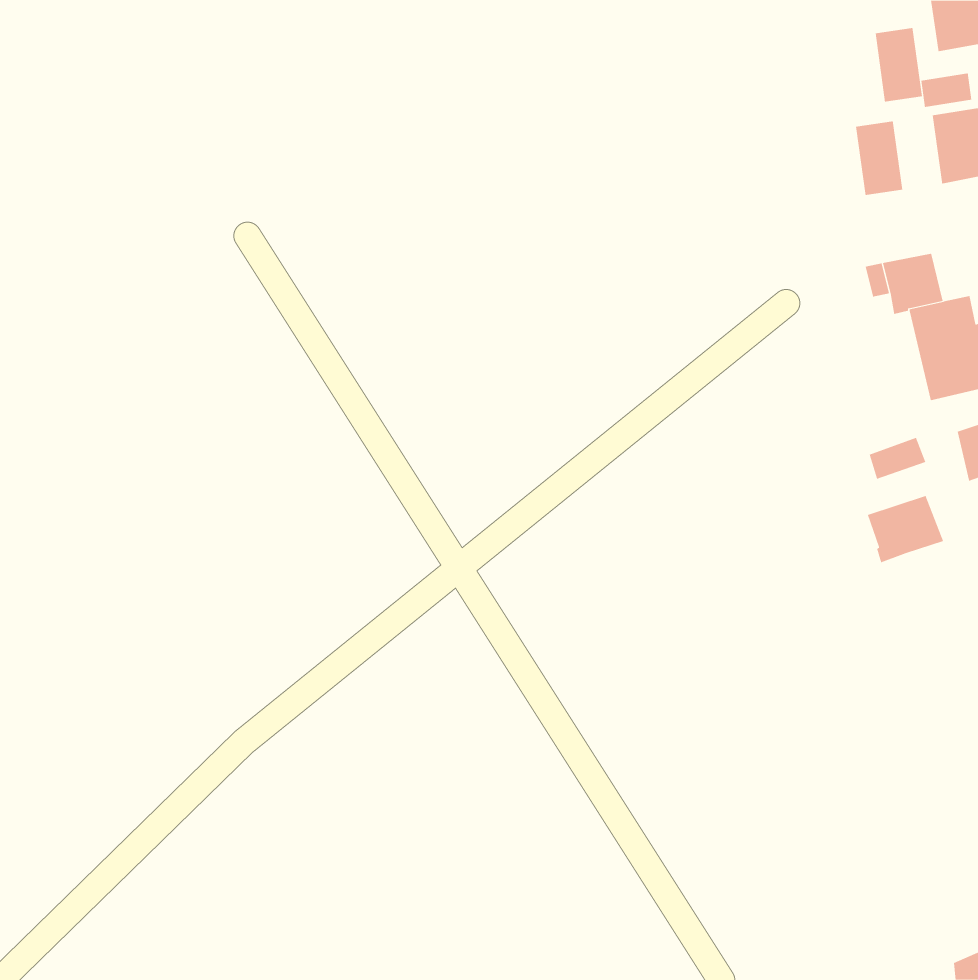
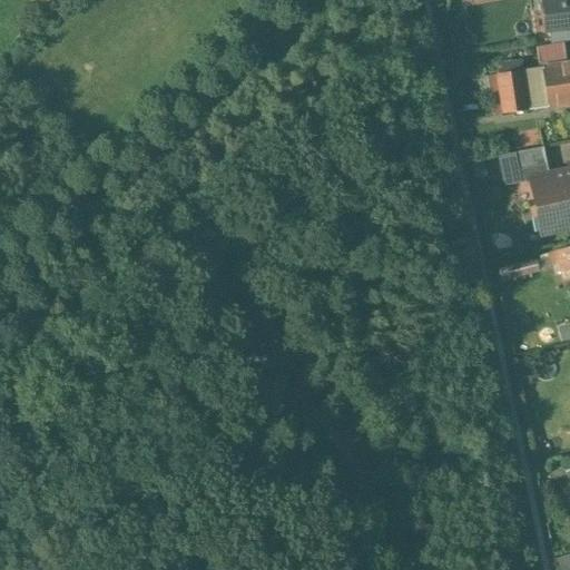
building: [875,27,923,102] -> [520,67,548,110]
building: [867,495,944,563] -> none

